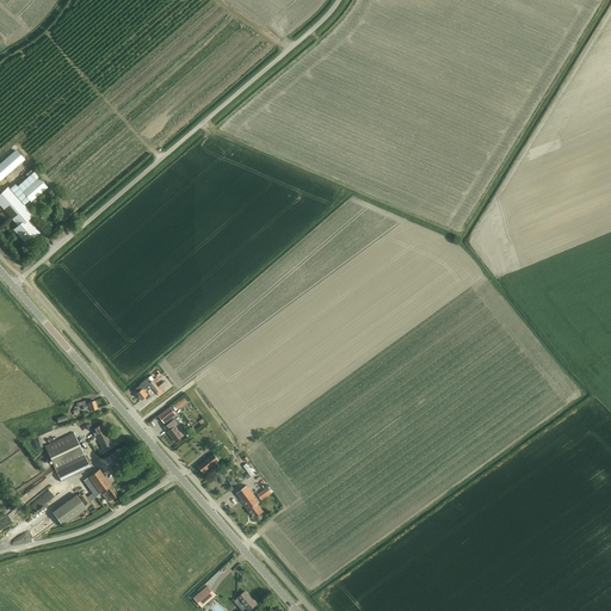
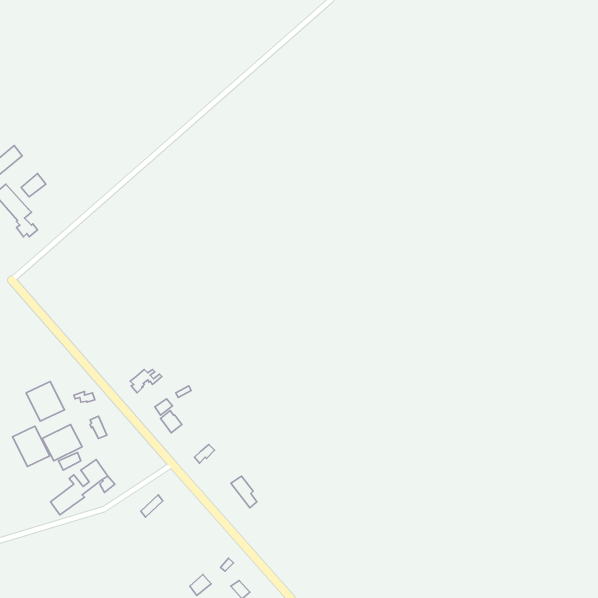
building: none -> [26,381,64,421]
building: none -> [13,426,50,467]

